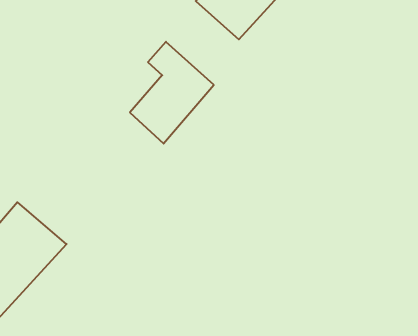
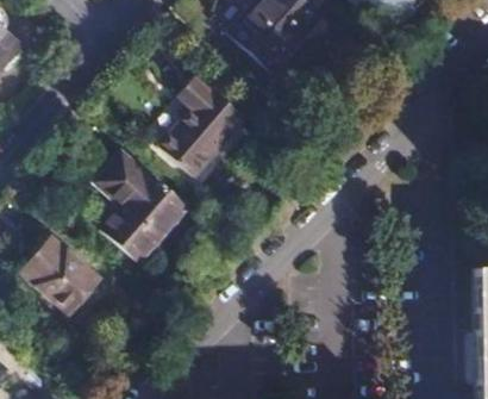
building: none -> [102,152,192,261]

